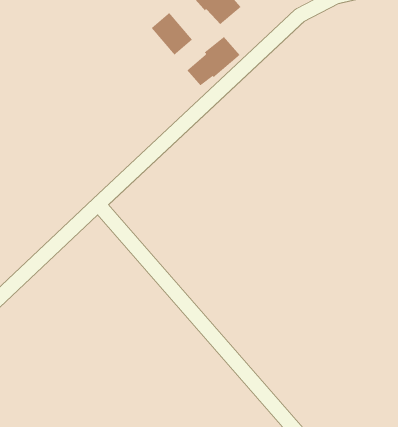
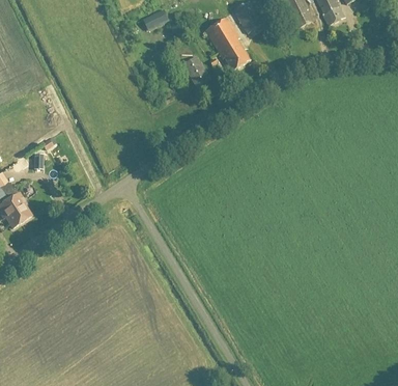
building: [186,36,240,86] -> none

